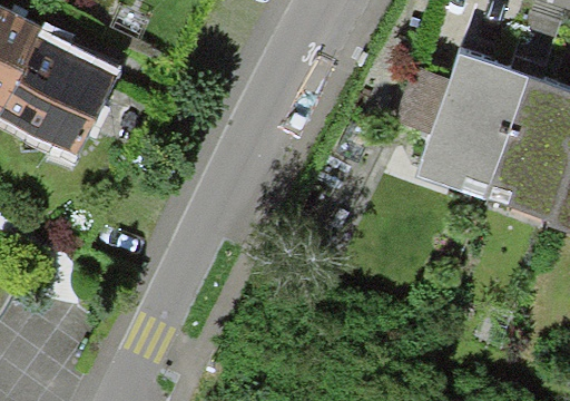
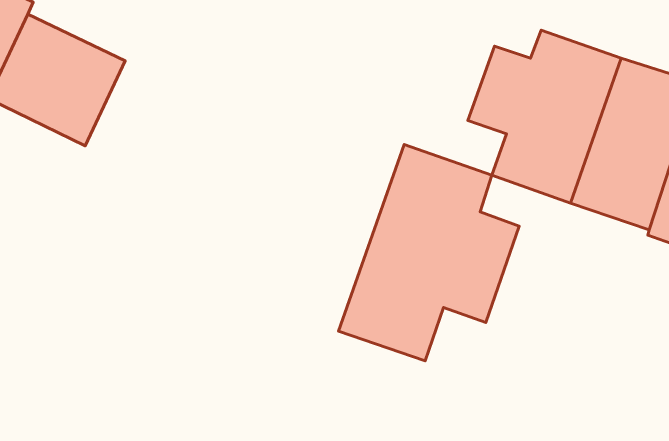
building: none -> [339,145,519,361]

